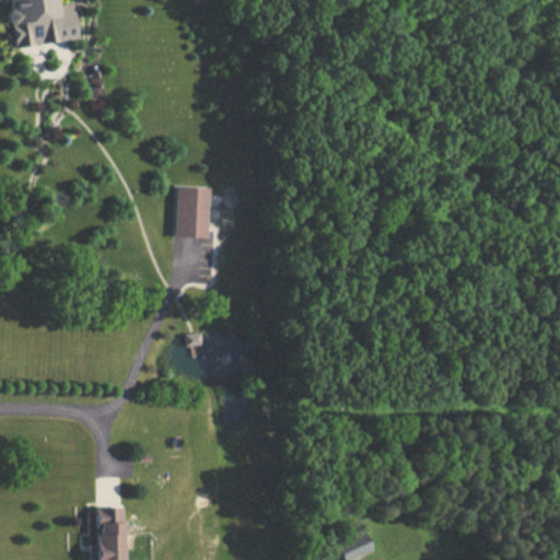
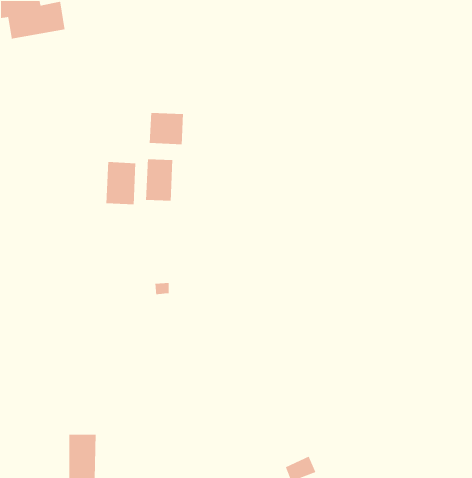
building: none -> [149,112,184,145]
building: none -> [105,161,136,205]

